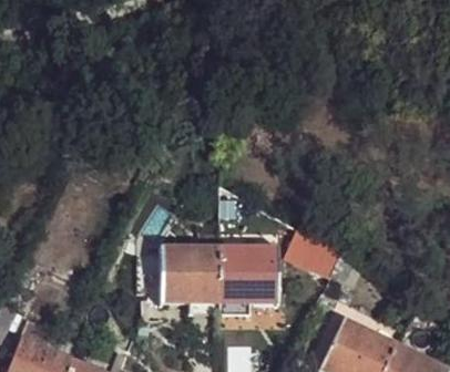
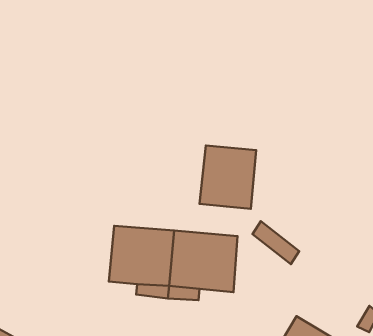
building: none -> [200,145,256,209]

